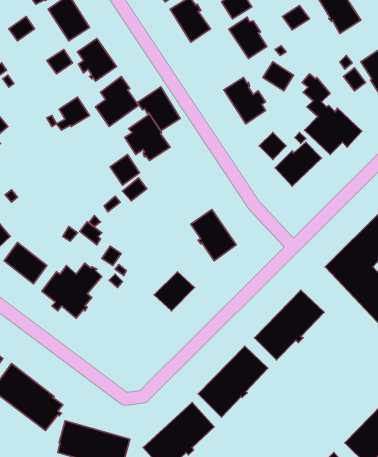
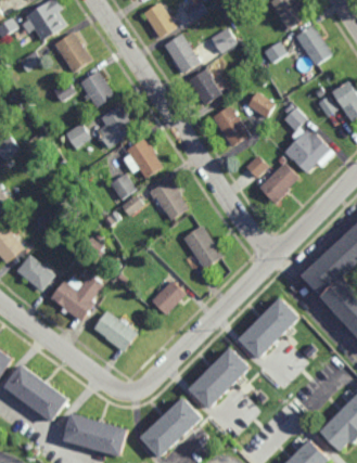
building: [229,17,267,59] -> [187,69,220,106]
building: [138,87,180,131] -> [149,179,187,218]
building: none -> [92,308,137,351]

